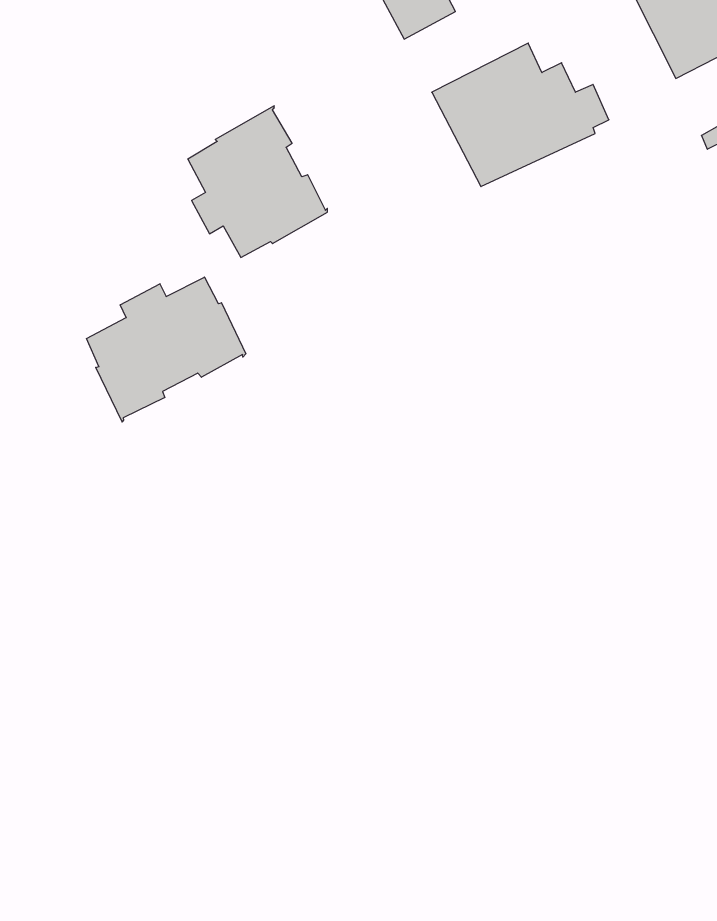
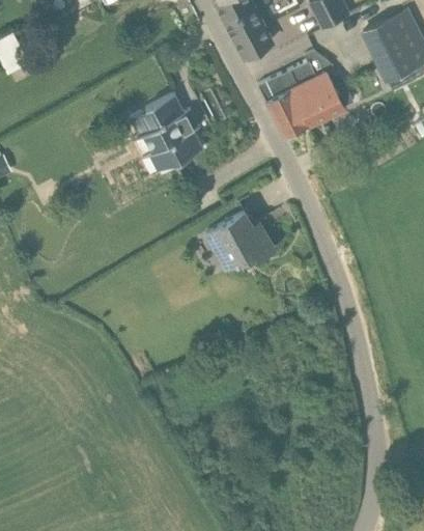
building: [87,277,246,422] -> none
building: none -> [208,213,276,270]

